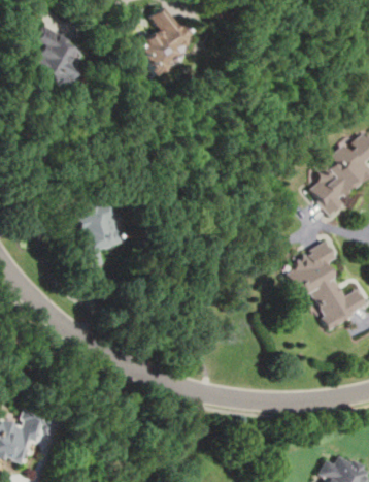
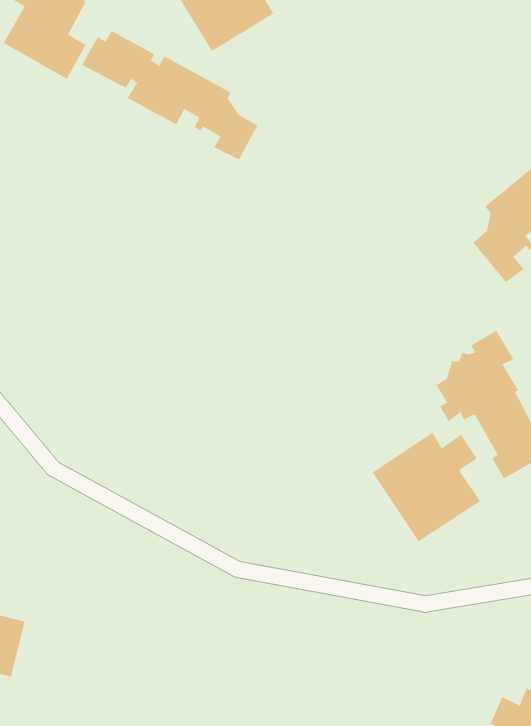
building: none -> [81,30,258,160]
building: [77,199,124,268] -> none
building: none -> [372,432,481,542]

